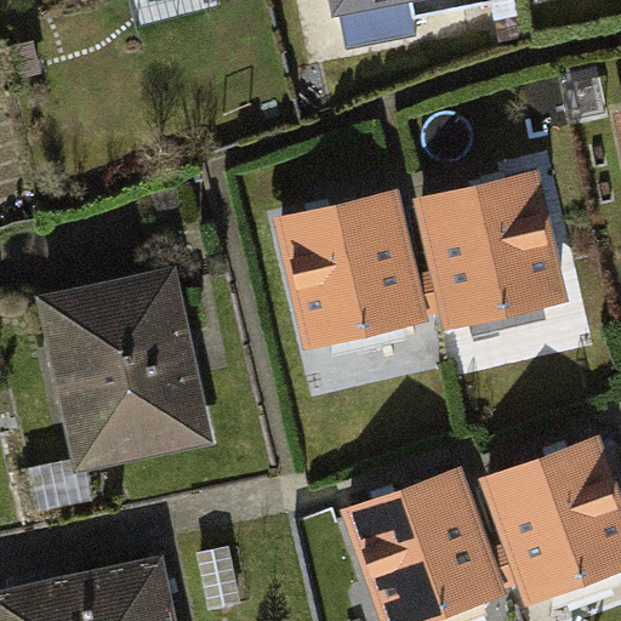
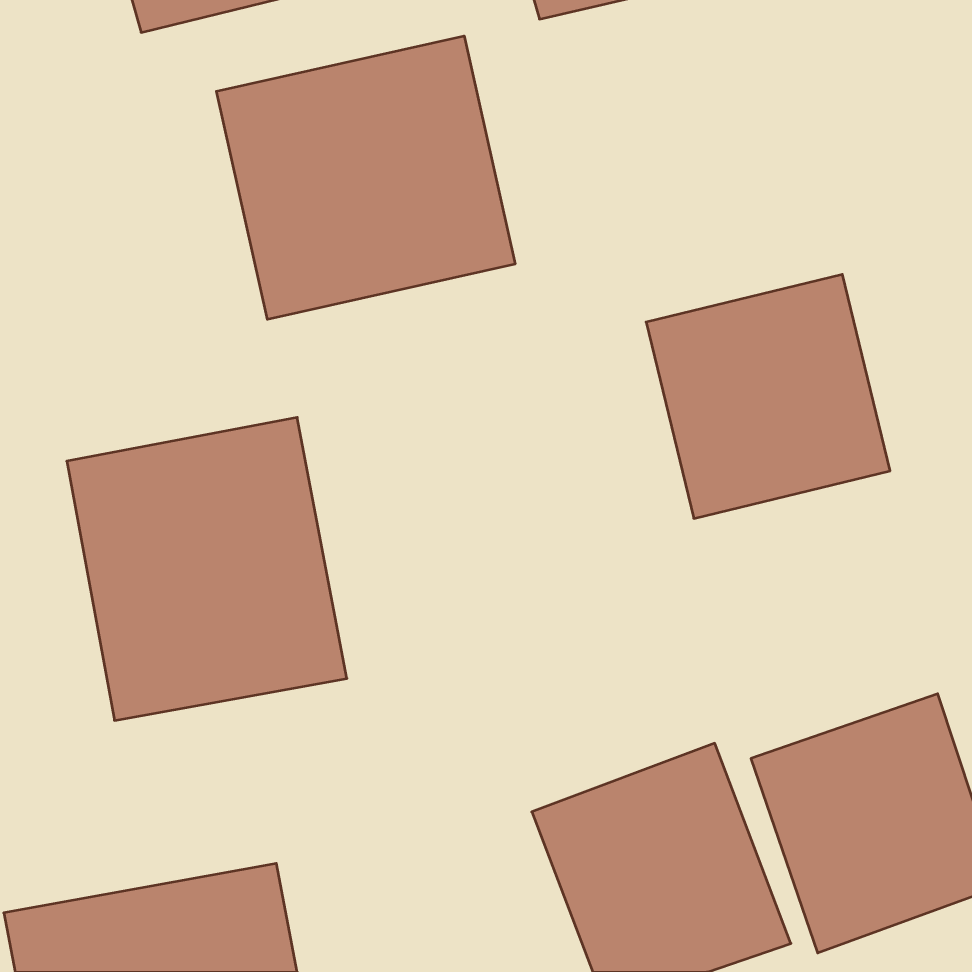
building: none -> [216,36,515,319]
building: [272,195,426,355] -> none

